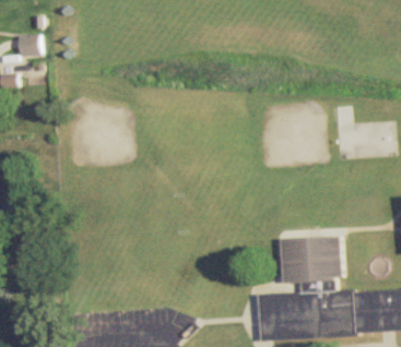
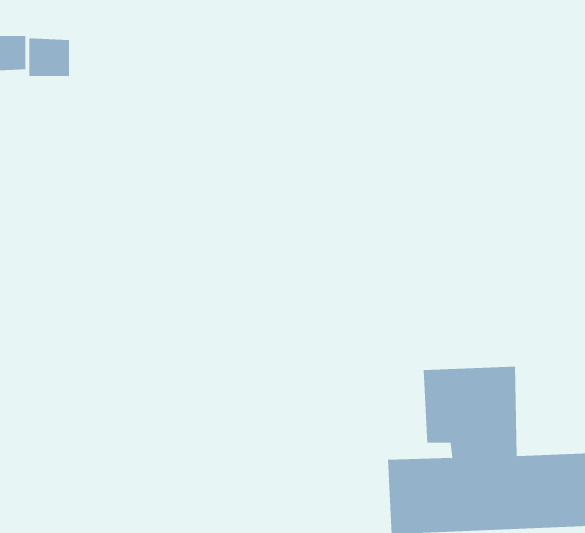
building: none -> [29,38,70,77]

